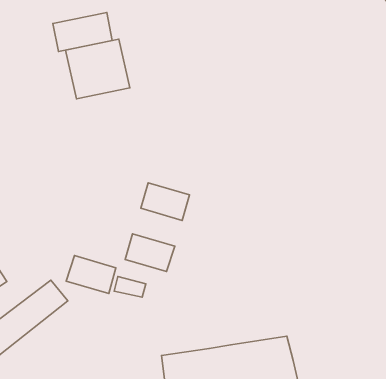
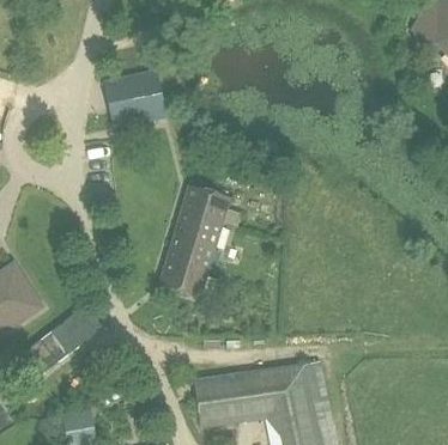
building: [53,12,112,51] -> none
building: none -> [181,183,230,220]
building: [66,256,116,293] -> [165,233,214,270]

